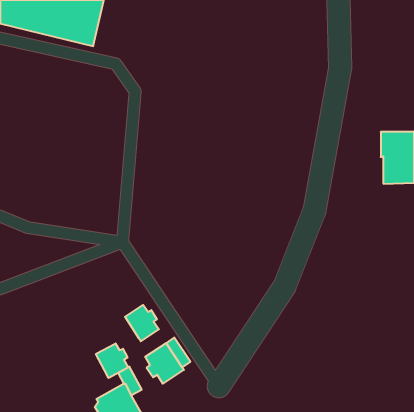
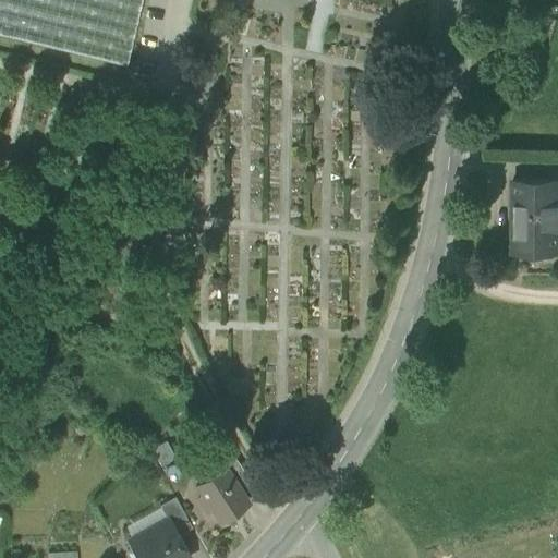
building: [125,305,159,341] -> none
building: [96,343,128,378] -> none

